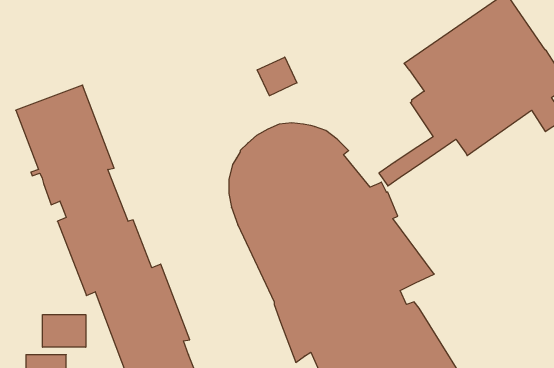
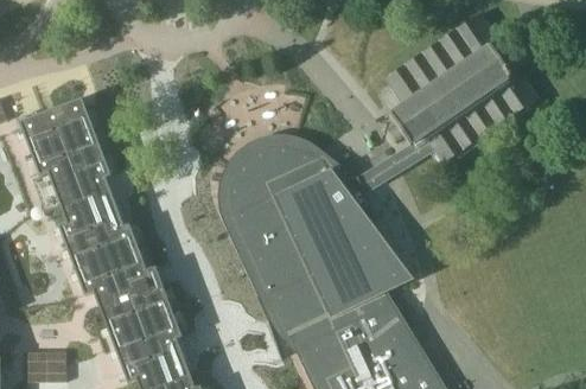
building: [257,57,297,96] -> none
building: [43,315,86,347] -> none

